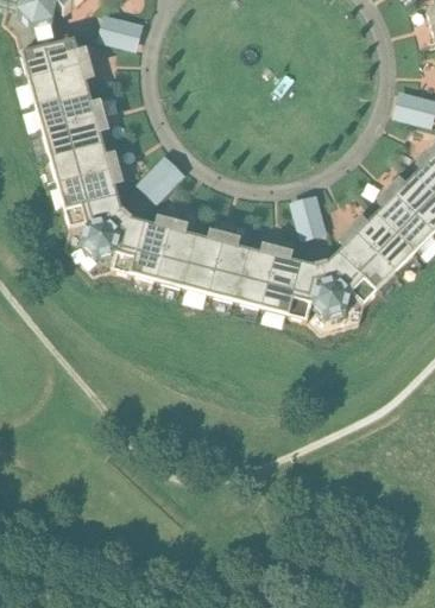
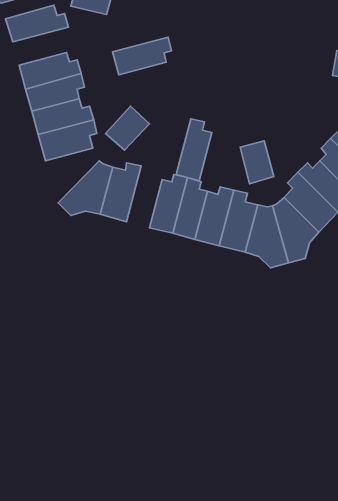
building: [30,61,96,103] -> [112,37,171,75]
building: [67,197,127,259] -> none
building: [158,217,198,287] -> [176,119,212,181]

